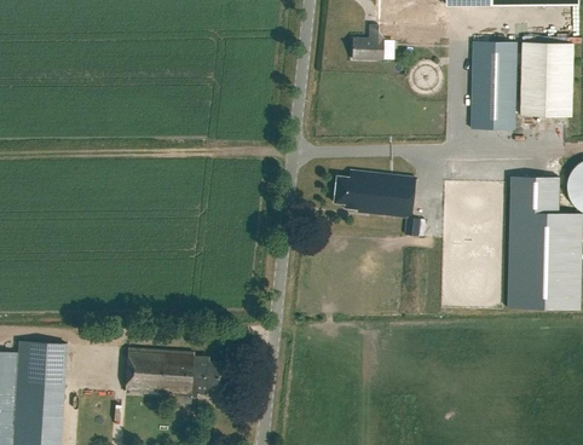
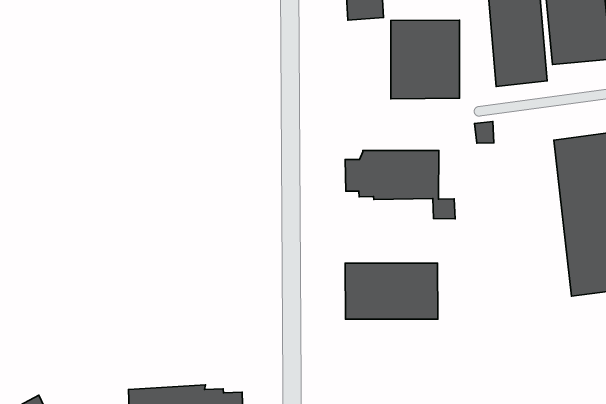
building: none -> [391,20,459,99]
building: none -> [345,263,438,319]

